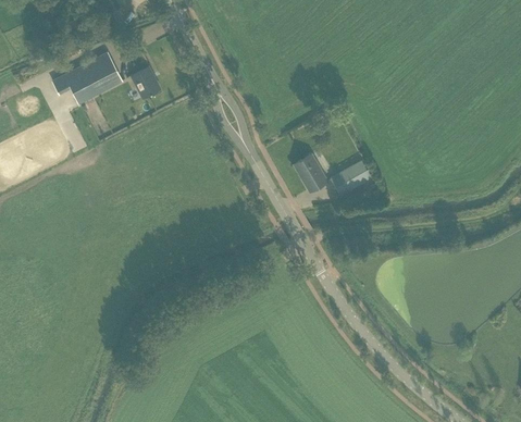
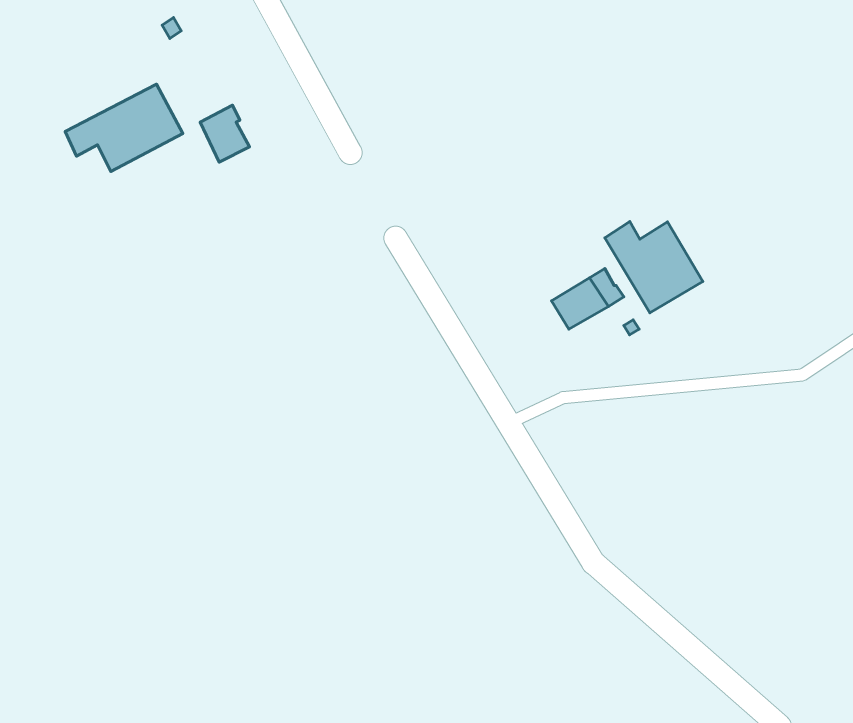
building: none -> [605,221,703,313]
building: [297,153,327,190] -> none

